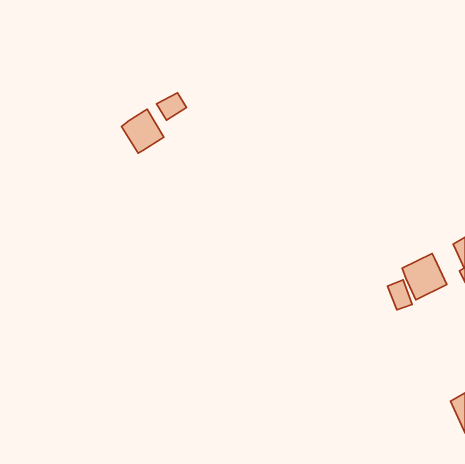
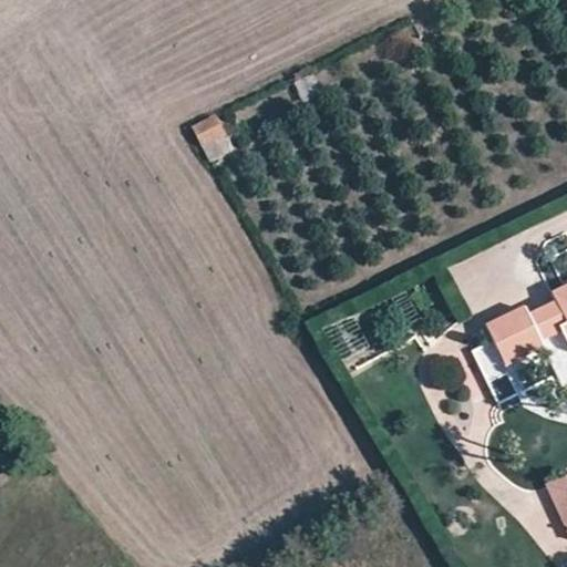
building: [122,109,164,153] -> none

